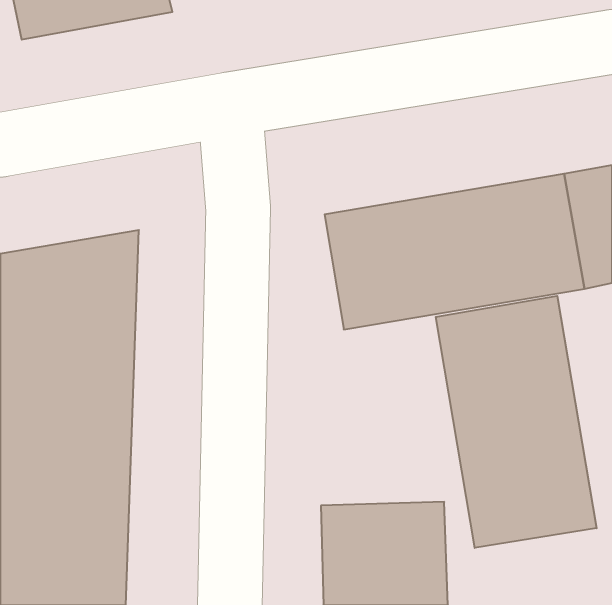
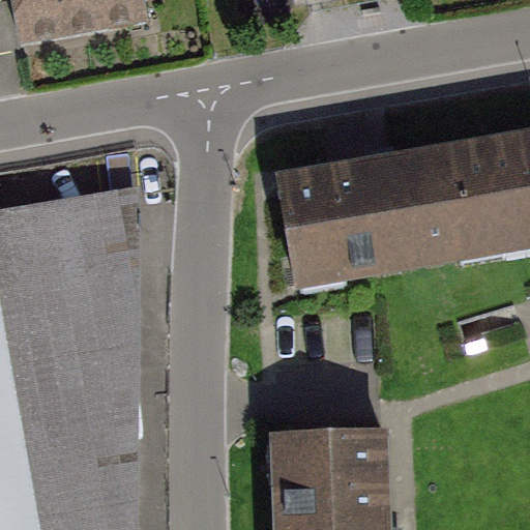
building: [436,296,597,548] -> none

